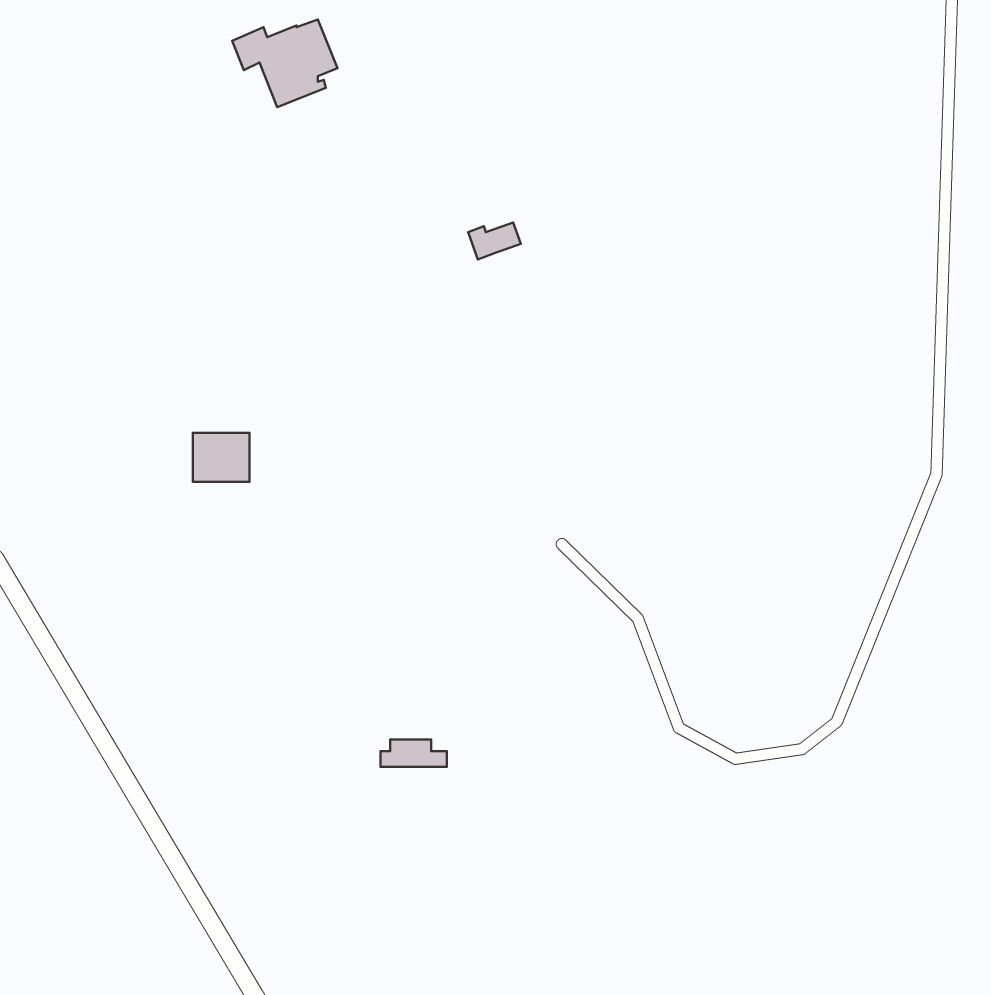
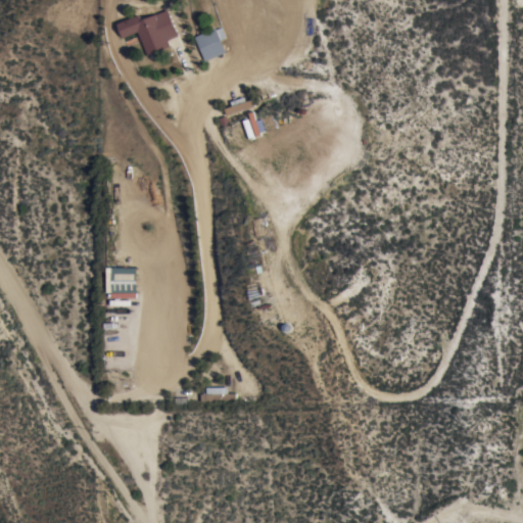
building: none -> [192,30,224,62]
building: [193,433,250,482] -> [104,269,134,294]

